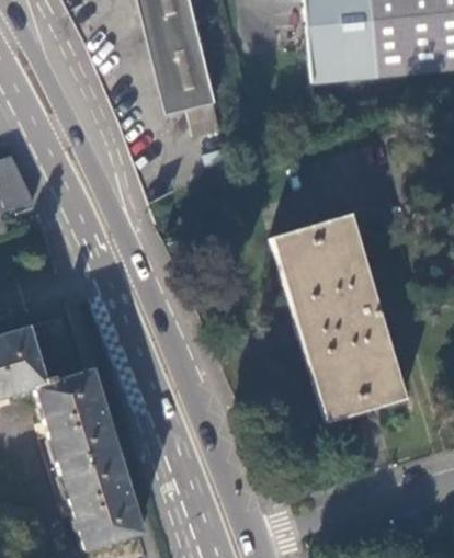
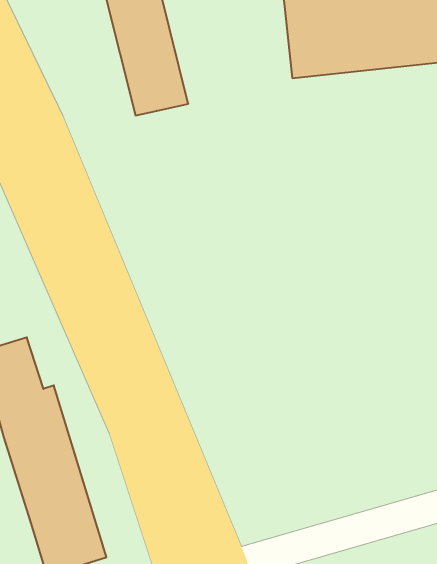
building: [270,214,407,422] -> none

